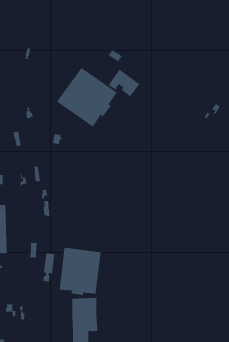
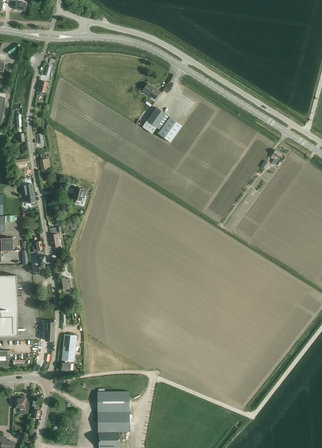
building: [56,67,117,127] -> none
building: [59,247,101,296] -> none

